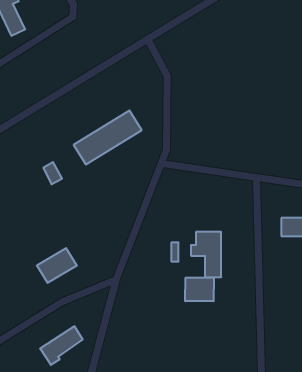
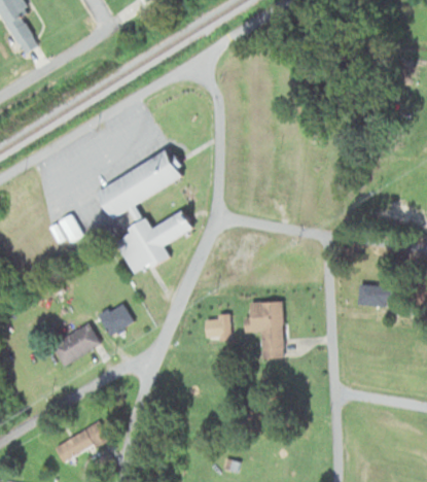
building: none -> [114,209,192,272]
building: none -> [99,303,134,336]
building: [185,278,214,301] -> none

